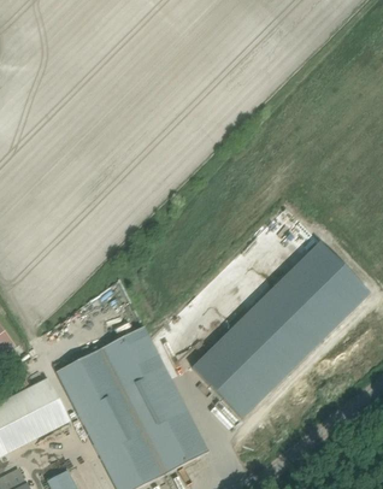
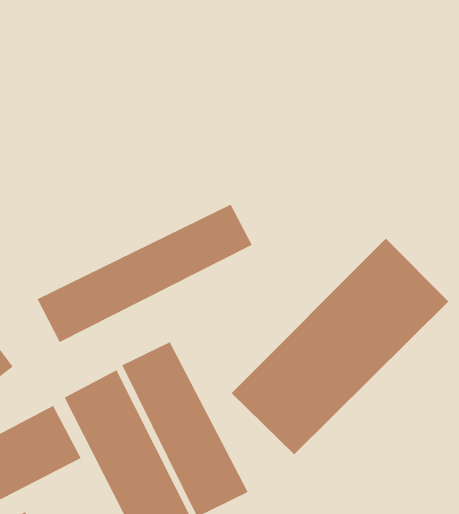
building: none -> [37,204,252,343]

